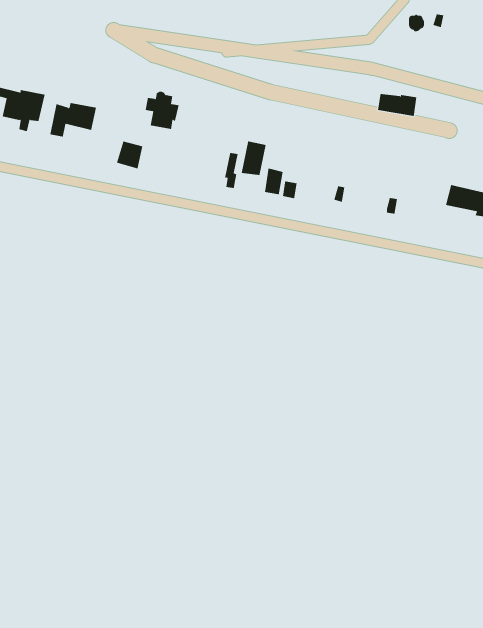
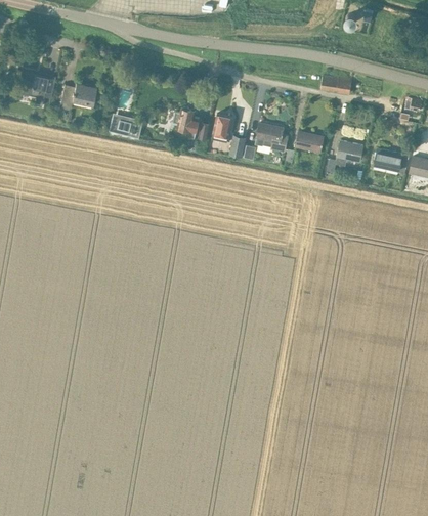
building: [145,91,179,129] -> [172,106,200,137]
building: none -> [255,123,289,153]
building: none -> [295,131,324,153]
building: none -> [336,140,362,162]

